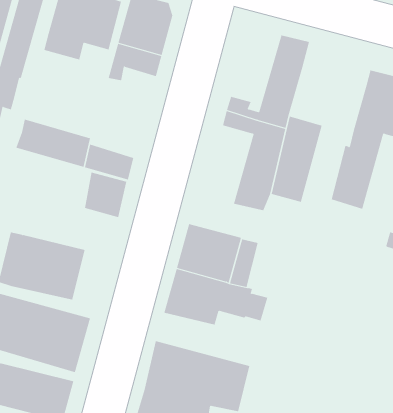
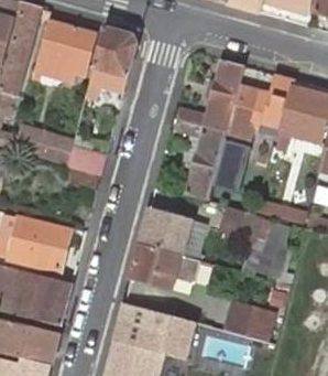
building: none -> [229,84,289,135]
building: none -> [227,210,289,276]
building: none -> [222,298,274,340]

